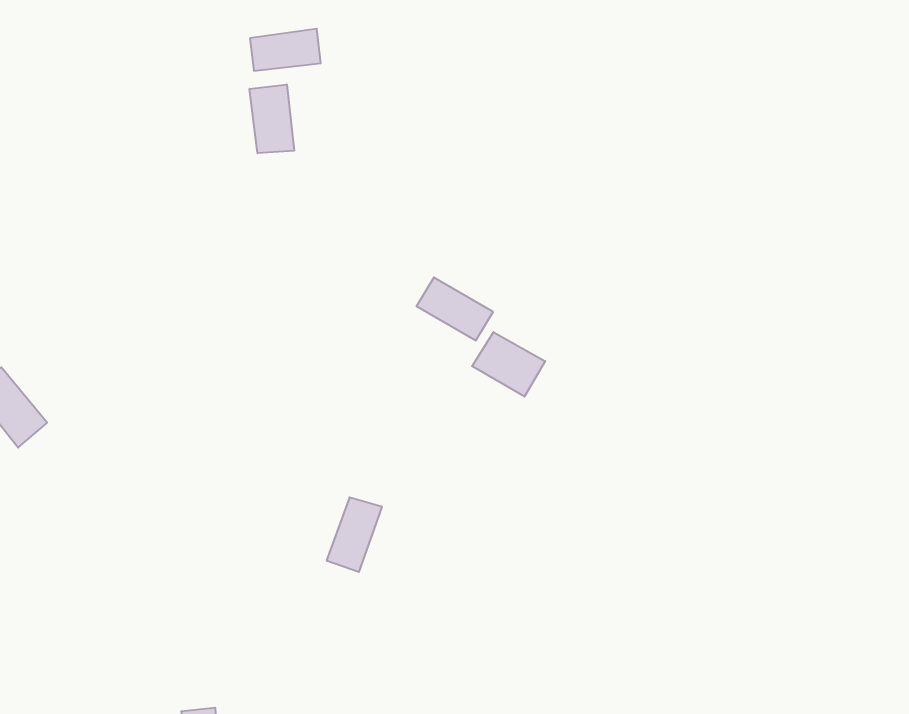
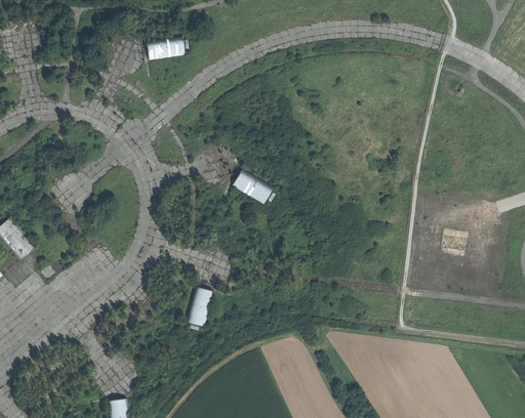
building: [250,84,294,153] -> none
building: [472,332,545,397] -> none

